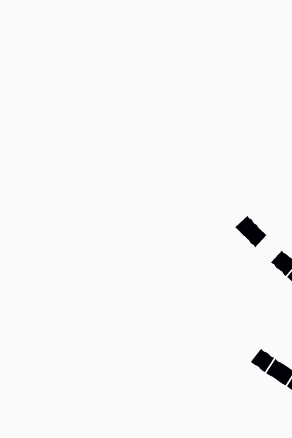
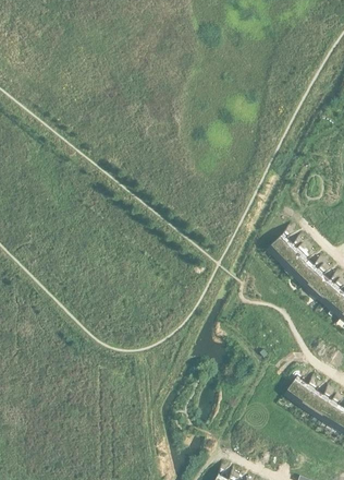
building: none -> [291,255,320,285]

